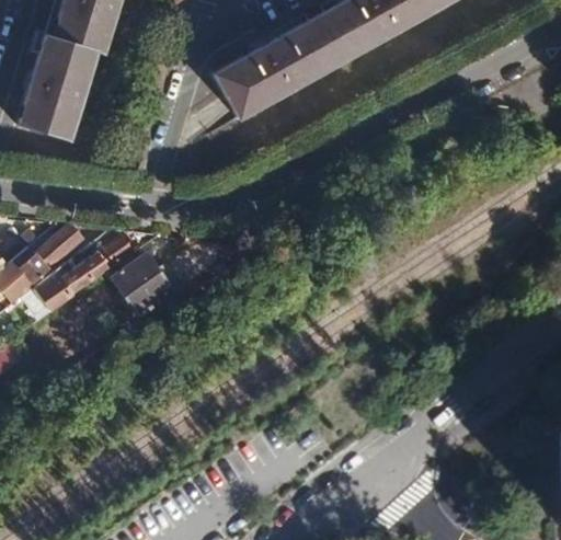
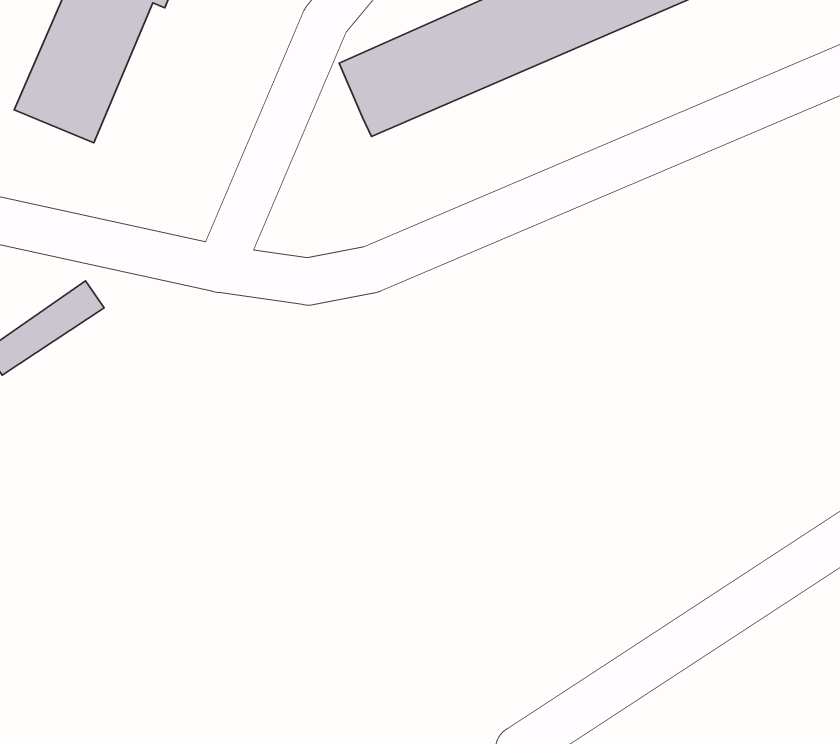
building: [37,234,135,311] -> none
building: [116,255,172,312] -> none

